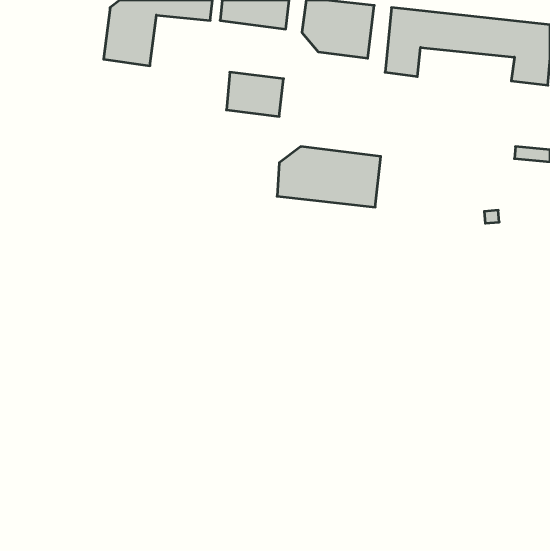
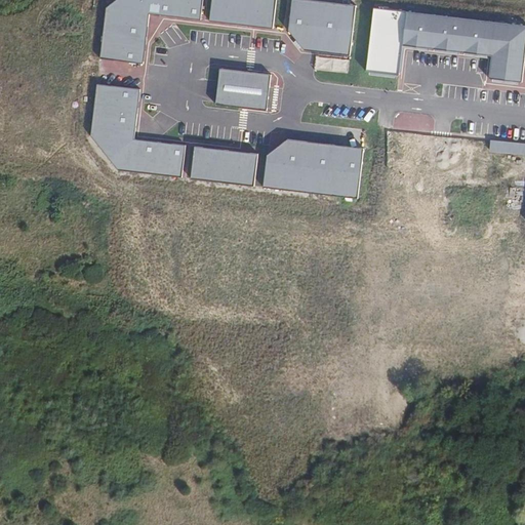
building: none -> [89,84,186,177]
building: none -> [190,146,257,186]

